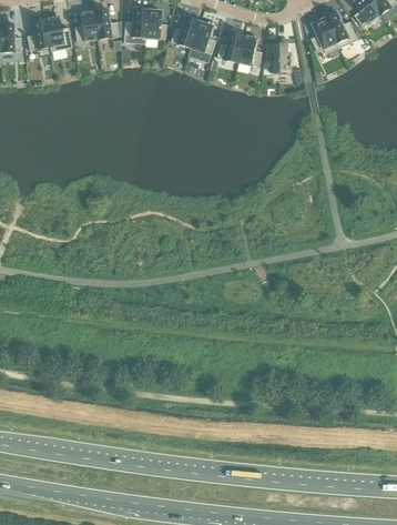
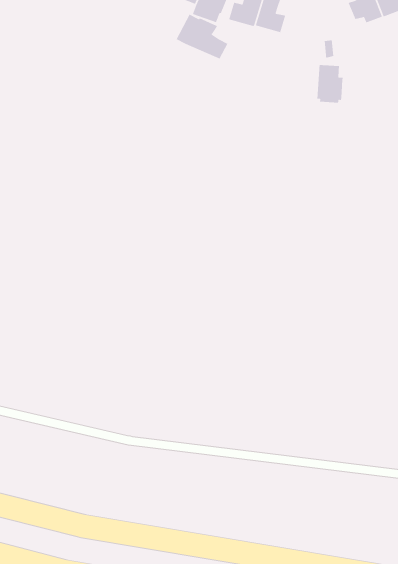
building: [269,43,289,73] -> [317,64,343,103]
building: none -> [176,14,228,60]

